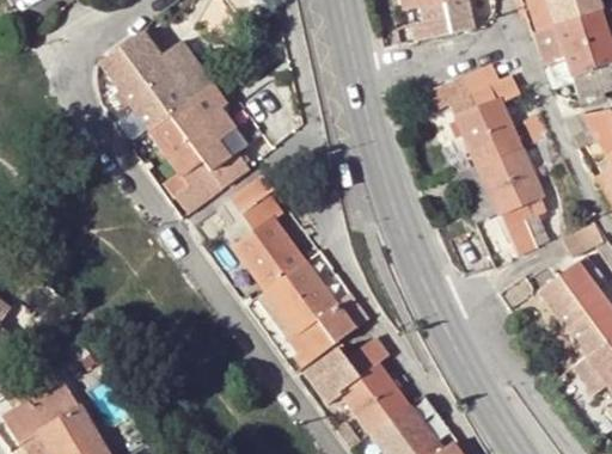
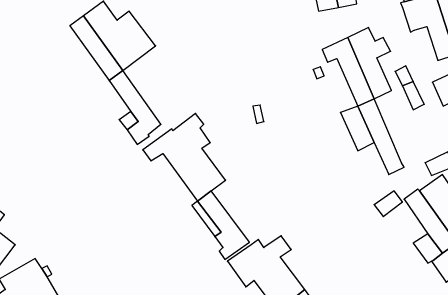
building: [169,86,249,189] -> none
building: [498,145,547,239] -> none
building: [284,262,368,343] -> none

